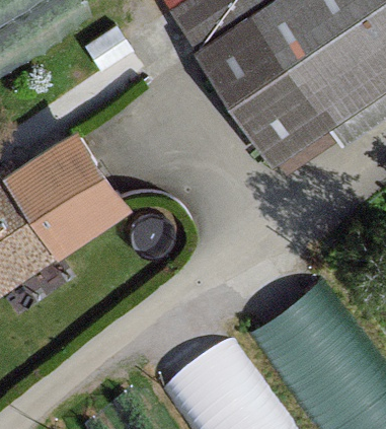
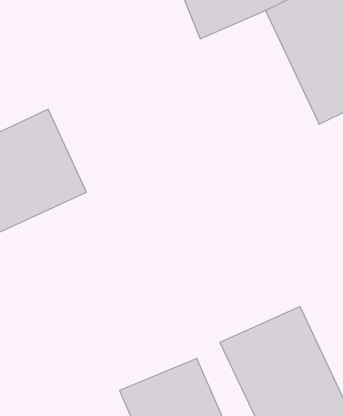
building: [199,24,323,166] -> none

